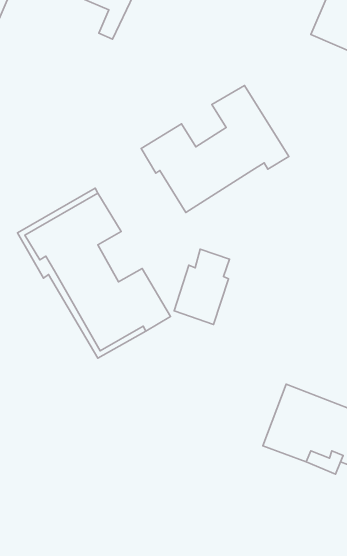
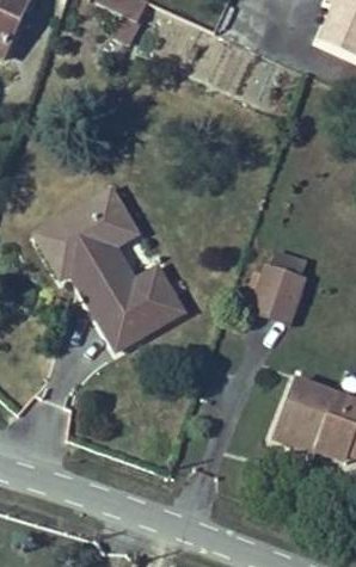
building: [141,85,289,213] -> none
building: [174,249,230,324] -> [252,249,306,322]

